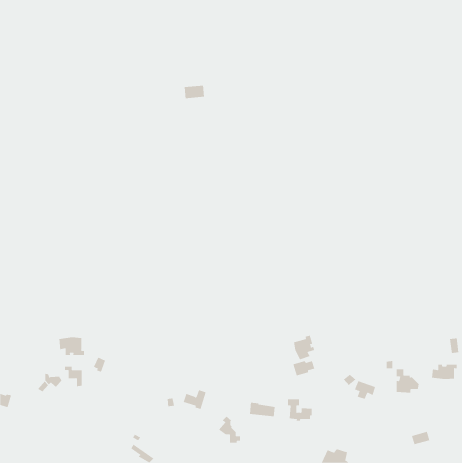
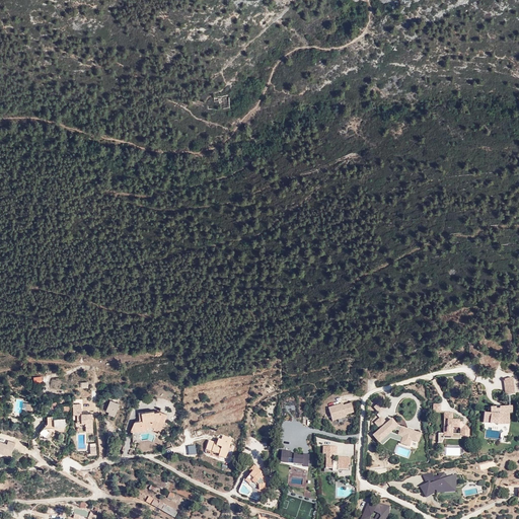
building: [294,335,315,360] -> none
building: [59,336,84,356] -> none
building: none -> [130,412,166,432]
building: none -> [418,472,456,498]

